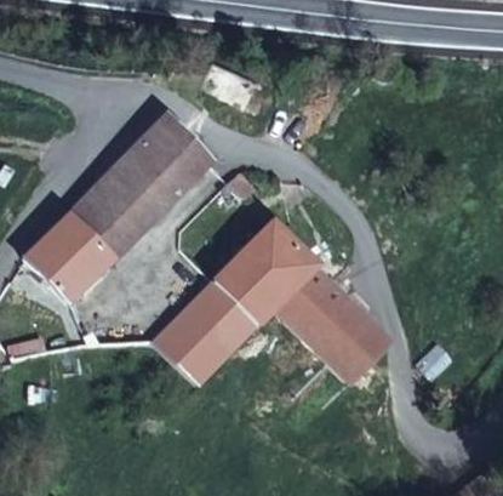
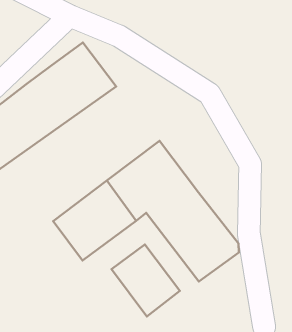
building: none -> [112,244,180,317]

